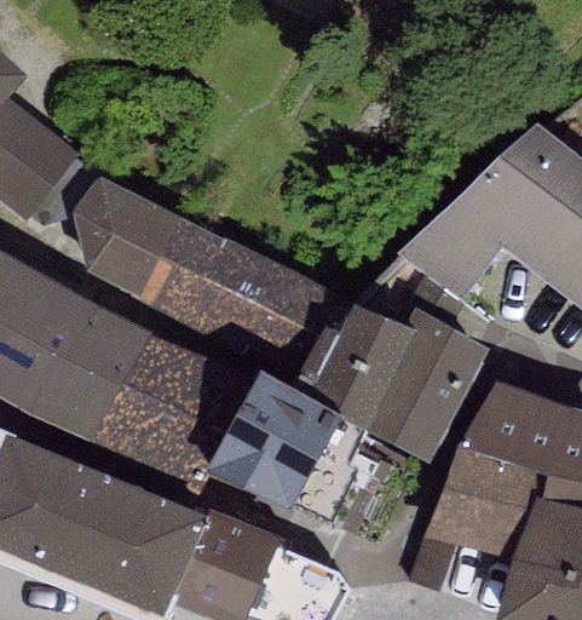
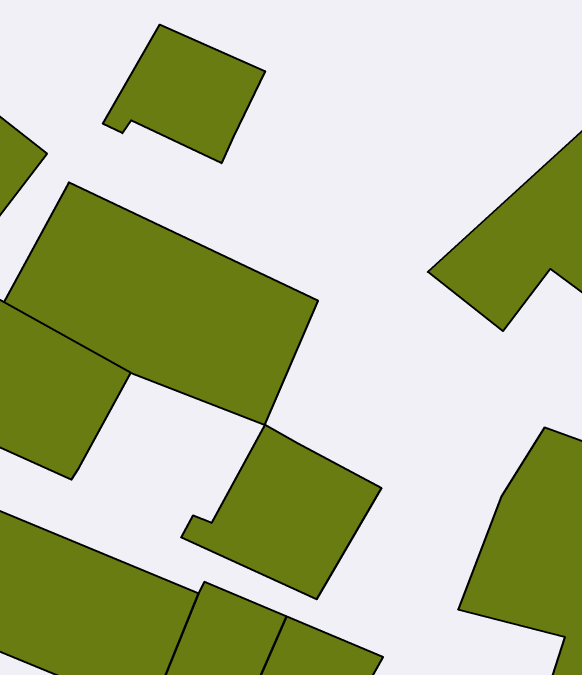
building: none -> [103,25,265,163]
building: [288,308,490,463] -> none
building: [104,335,260,461] -> none

